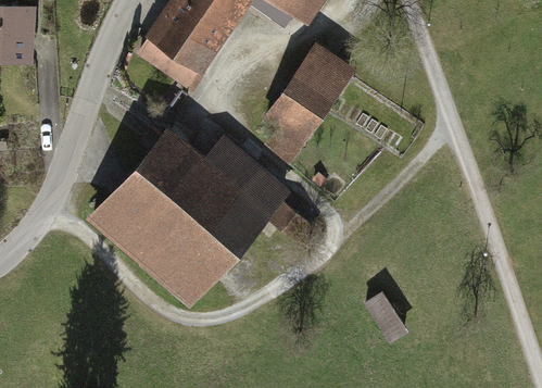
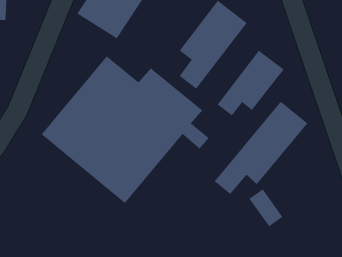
building: none -> [217,50,284,116]
building: none -> [214,101,308,195]

